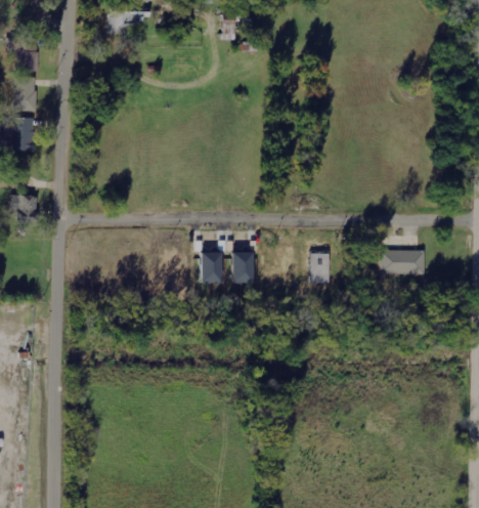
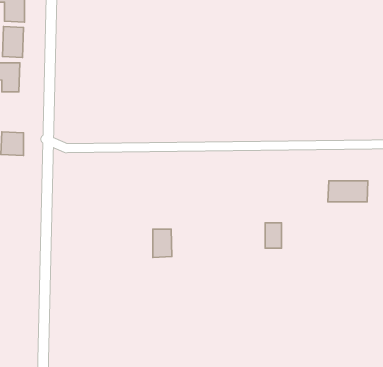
building: [231,251,253,283] -> none
building: [201,252,222,284] -> [153,229,172,257]
building: [310,253,329,282] -> [265,223,282,248]

